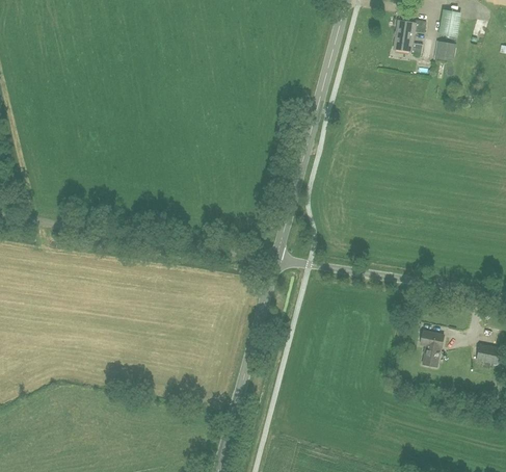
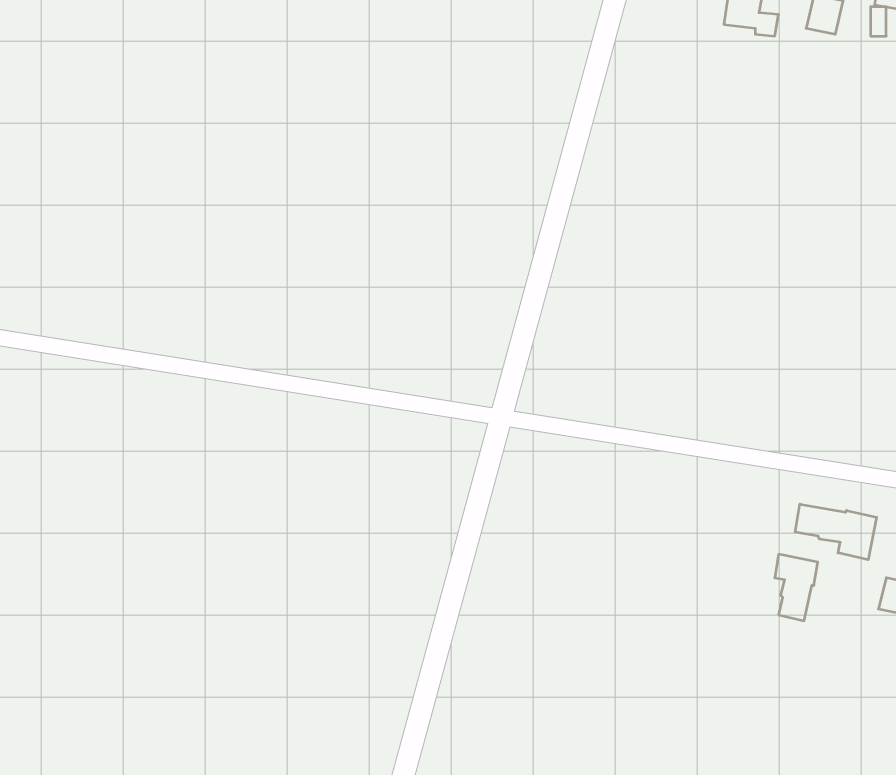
building: none -> [795,504,877,560]

